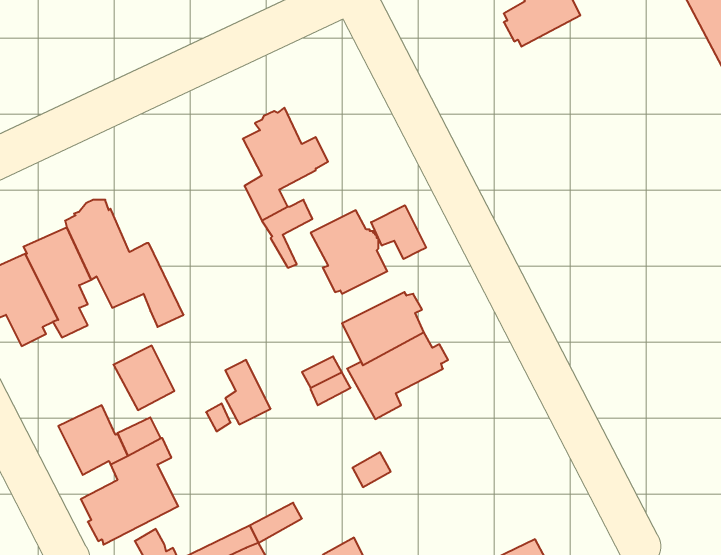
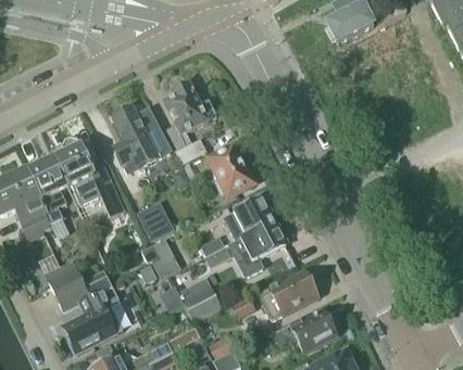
building: none -> [113,107,173,169]
building: [371,205,426,259] -> none
building: [113,346,174,410] -> [136,201,174,241]
building: none -> [259,272,318,319]
building: none -> [182,283,221,320]
building: none -> [267,310,337,353]

